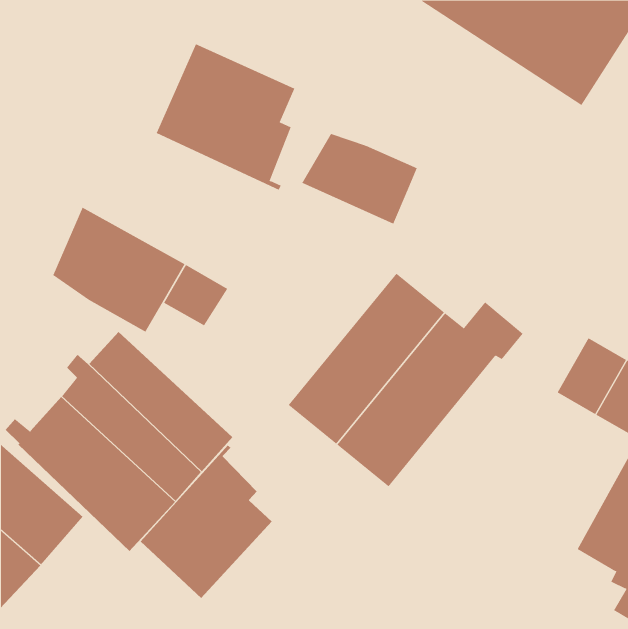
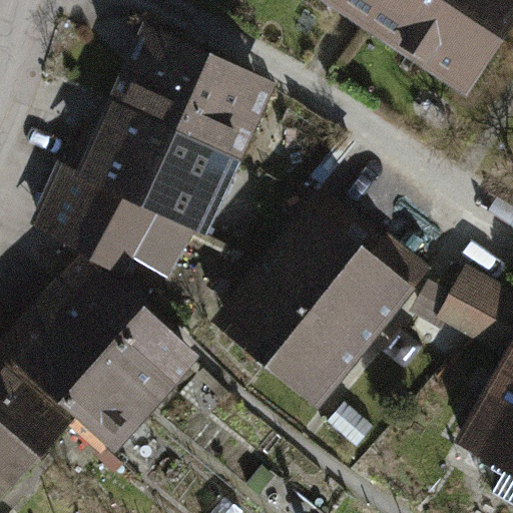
building: [302,133,417,225] -> none
building: none -> [99,113,231,232]
building: [140,444,273,599] -> none

